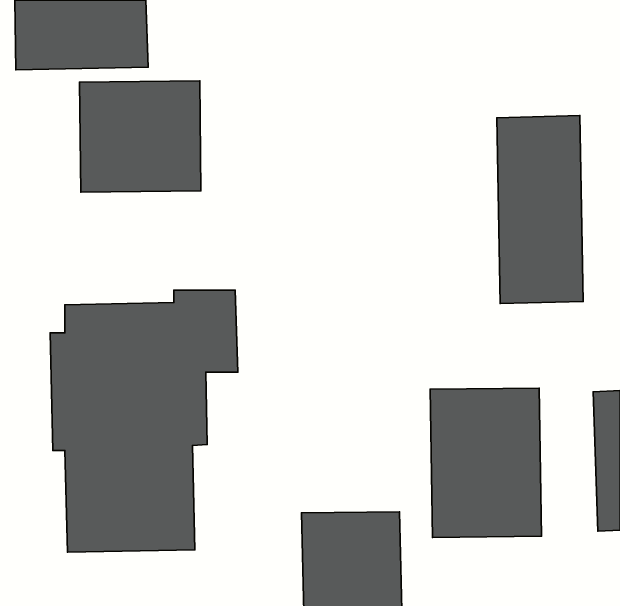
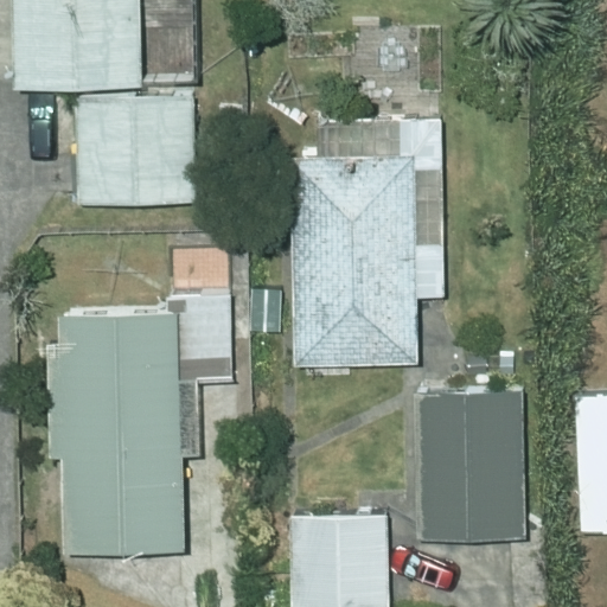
building: [497,116,583,304] -> none
building: none -> [292,154,418,364]

